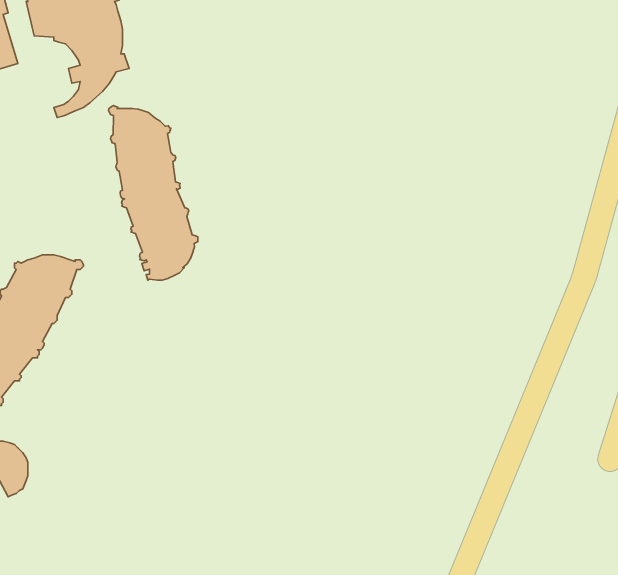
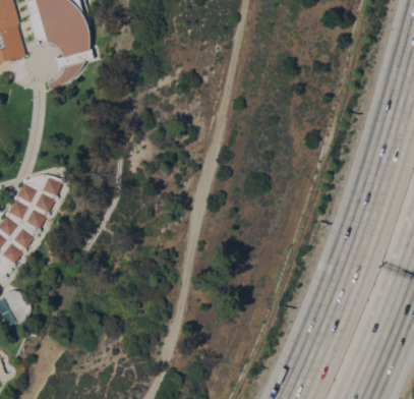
building: [108,106,198,280] -> none

